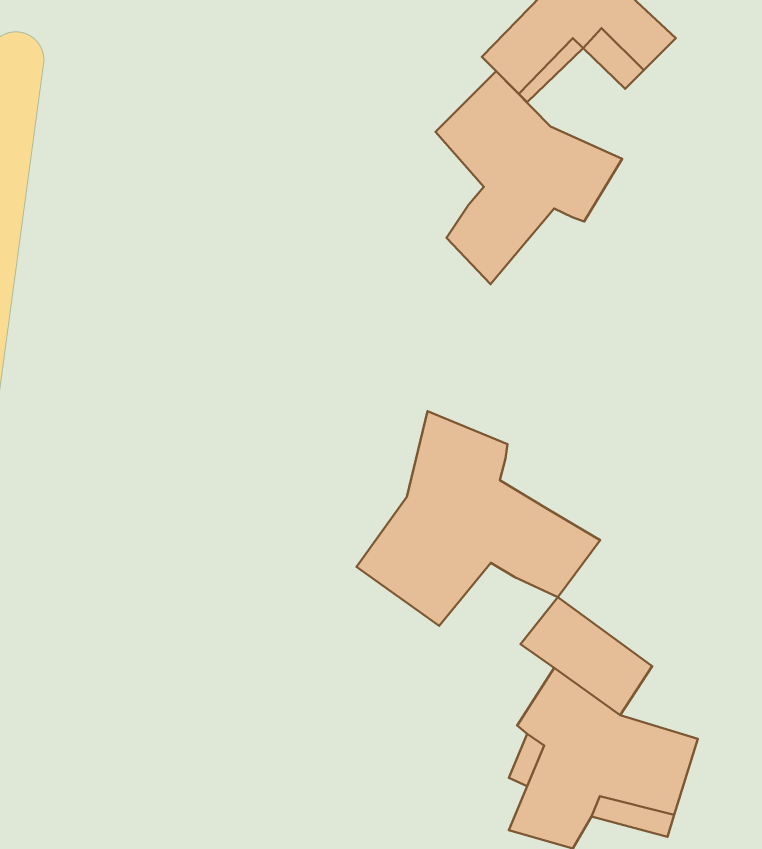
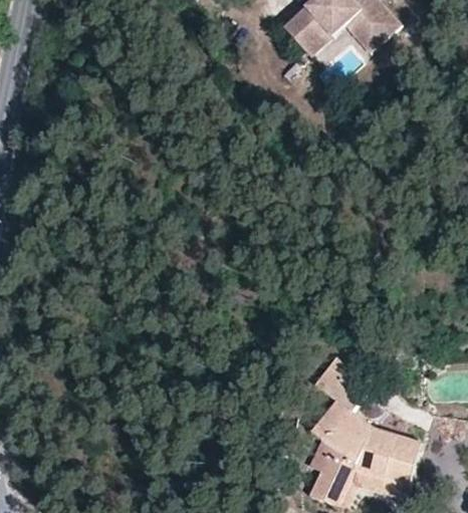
building: [435,71,622,284] -> none
building: [356,411,600,626] -> none

